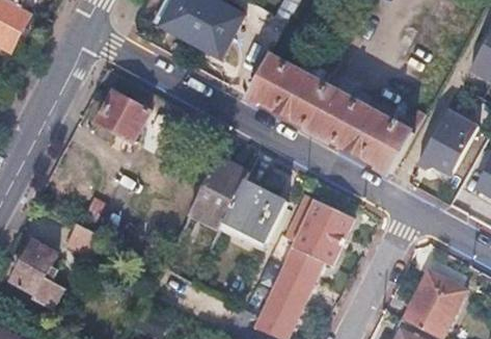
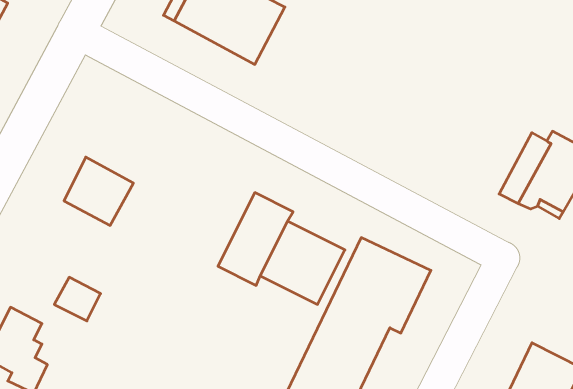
building: [247,54,425,175] -> none
building: [99,89,152,141] -> [64,157,133,225]

